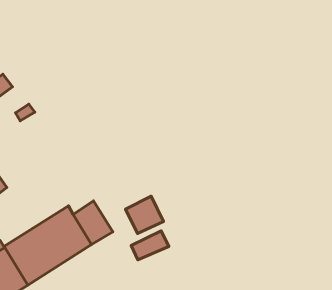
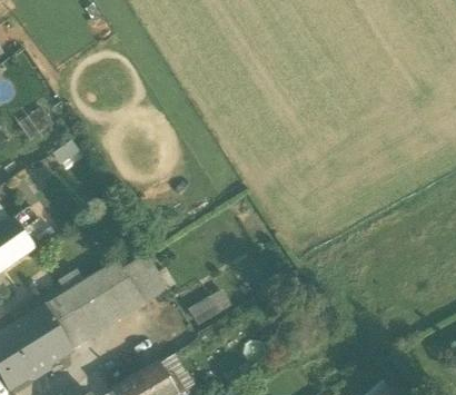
building: [125,196,163,233] -> none

